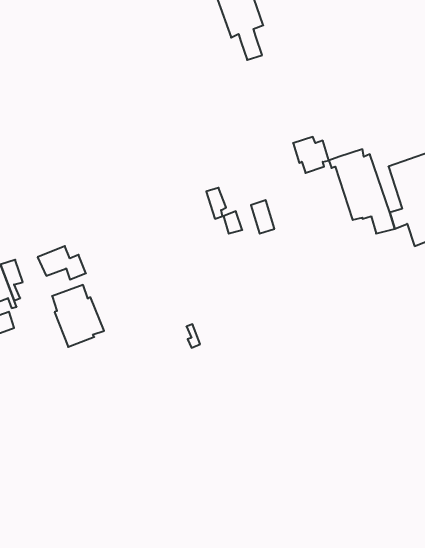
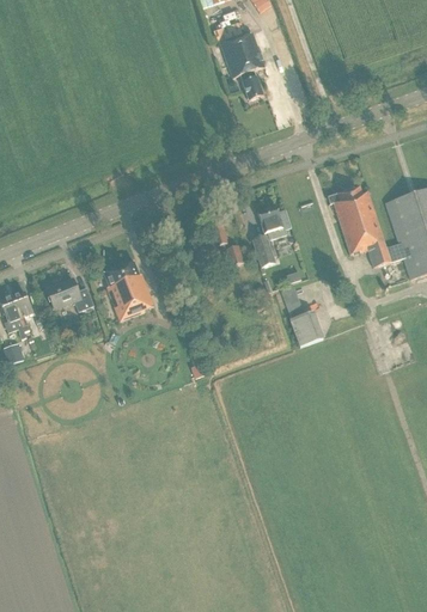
building: [293,137,329,173] -> [257,206,292,240]
building: none -> [281,286,323,347]
building: [52,285,104,347] -> [104,261,154,320]

